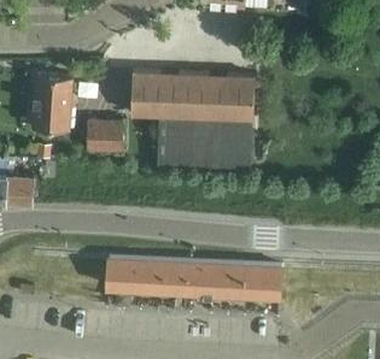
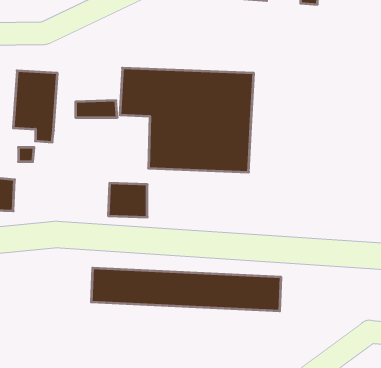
building: [87,120,123,152] -> [108,183,147,217]

